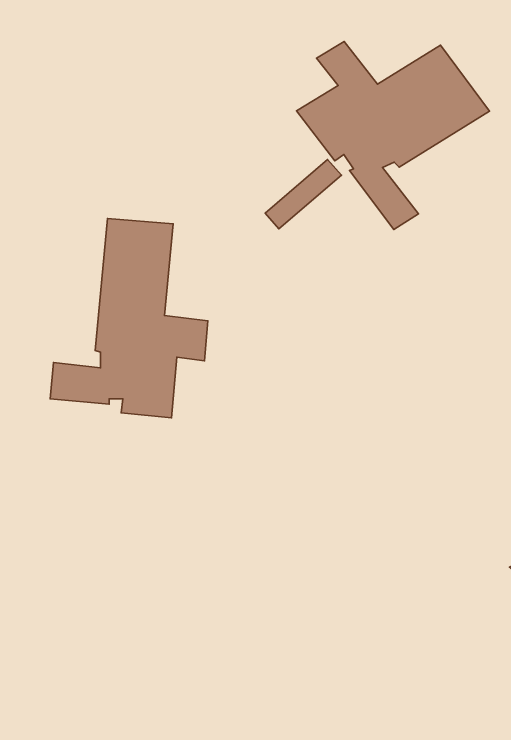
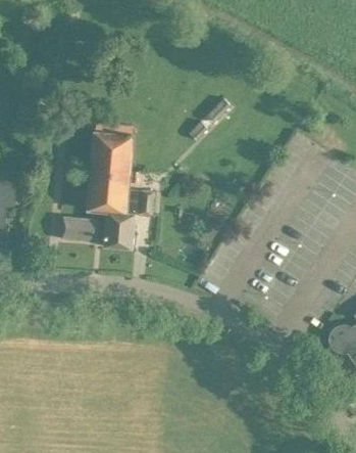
building: [296,41,489,229] -> none

